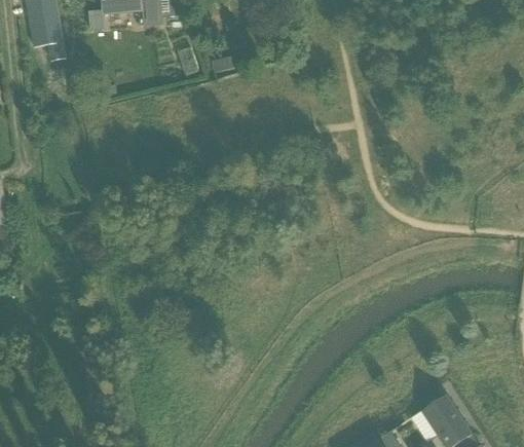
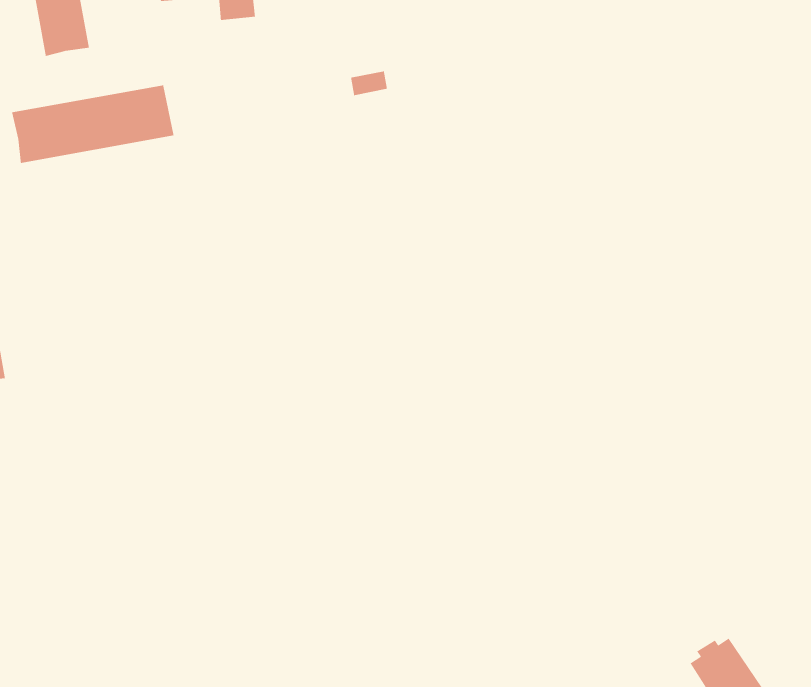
building: none -> [11,84,175,164]

